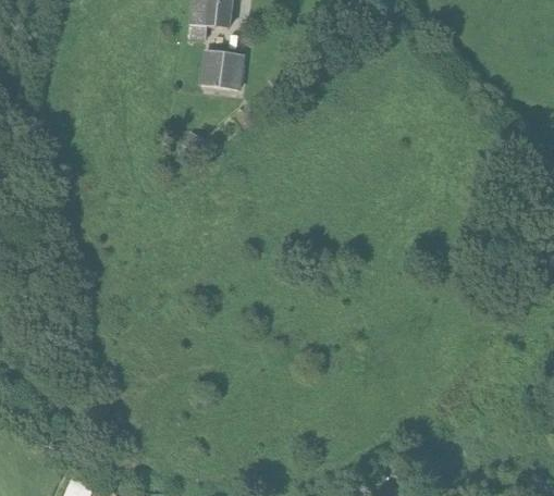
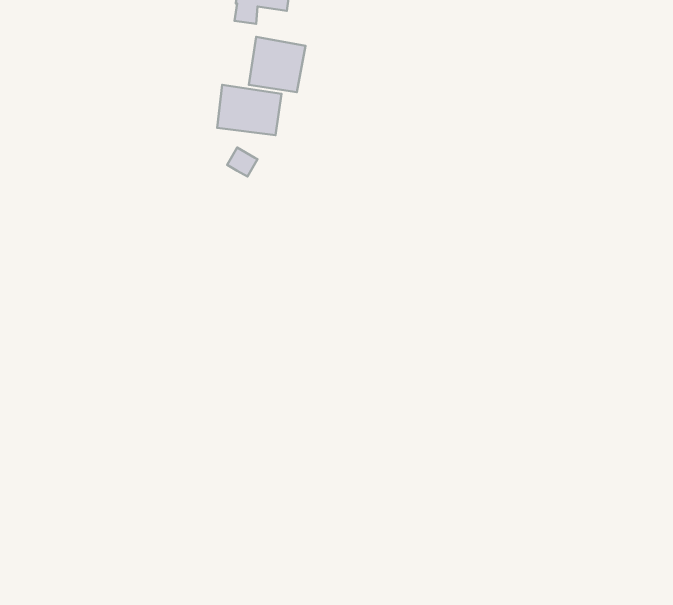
building: none -> [217,85,282,135]

